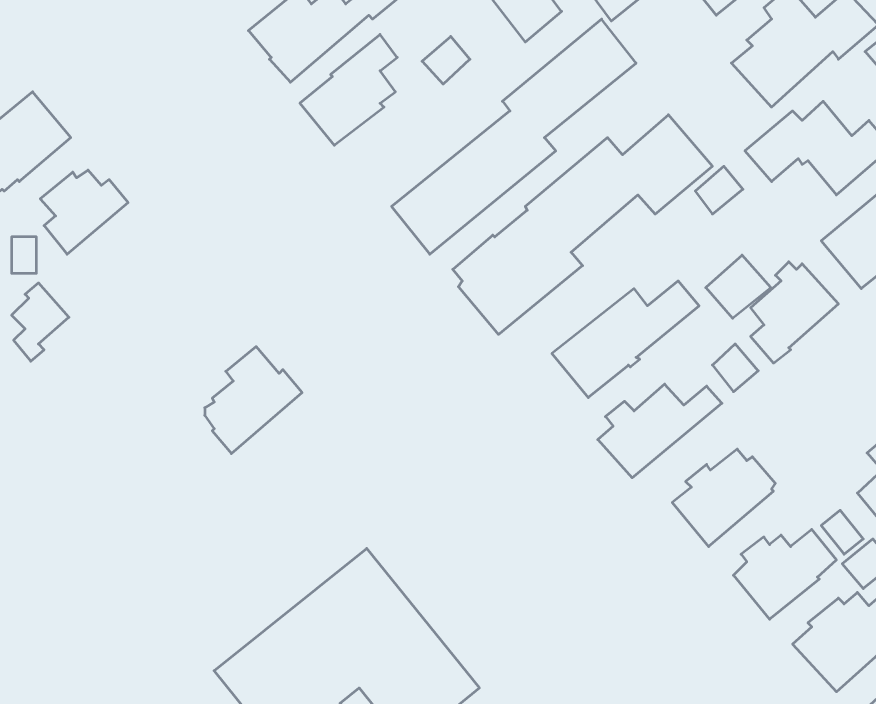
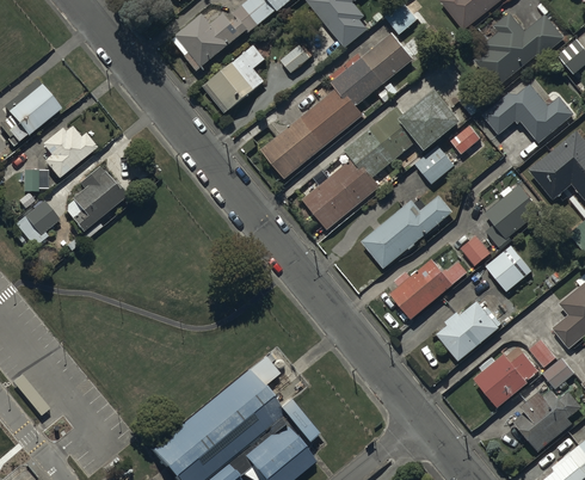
building: [706,255,771,318] -> [414,143,455,183]
building: [205,347,302,454] -> [66,167,127,234]
building: none -> [486,242,532,288]

